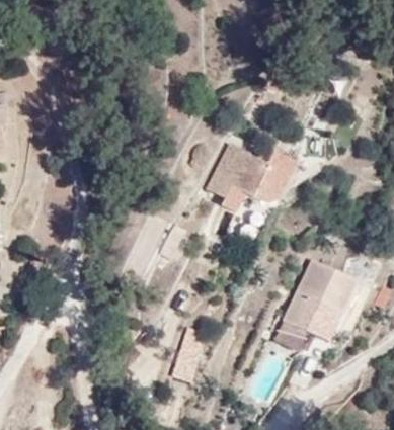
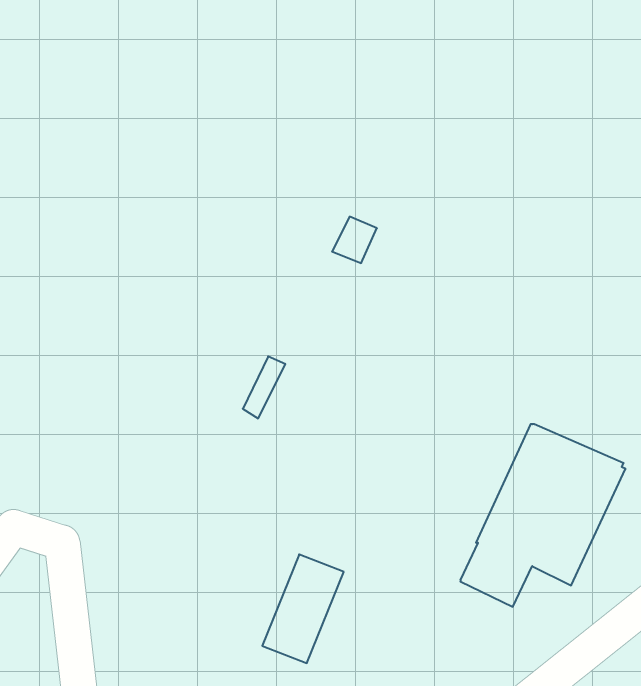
building: [215,151,290,212] -> none

